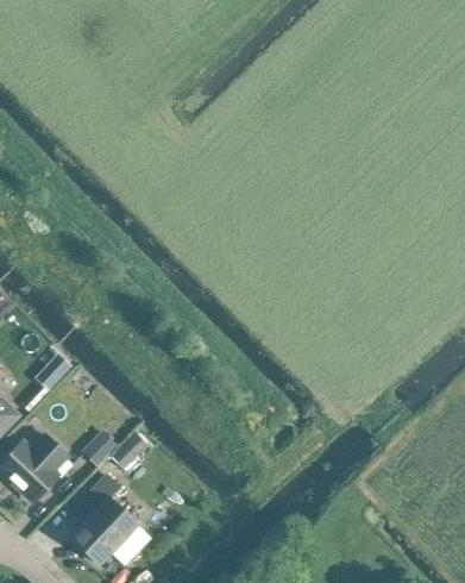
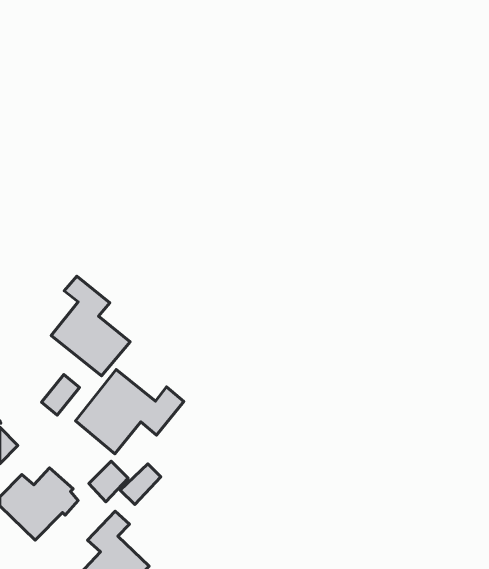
building: none -> [51,276,130,376]
building: none -> [76,370,184,454]

